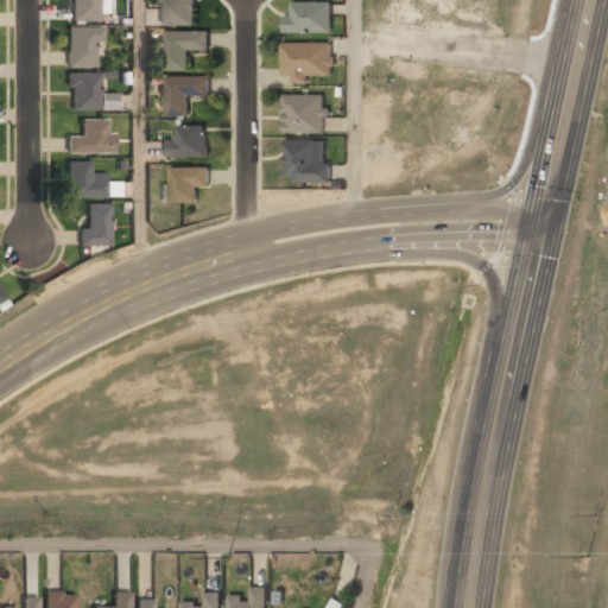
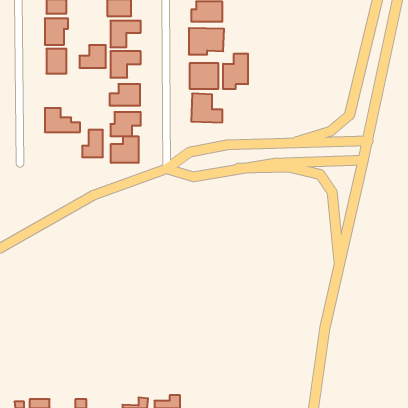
building: none -> [223,54,248,89]
building: [68,120,107,153] -> [79,45,106,68]
building: none -> [111,136,138,163]
building: [80,203,110,243] -> [82,130,103,157]

